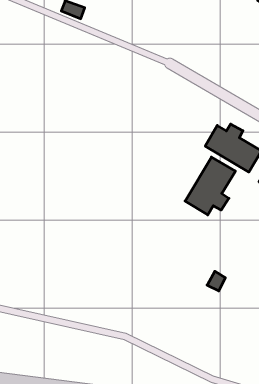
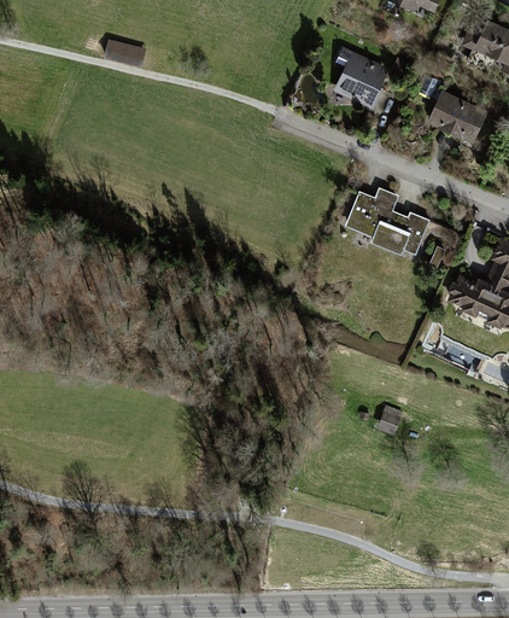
building: none -> [333,48,391,110]
building: [185,157,235,215] -> none

